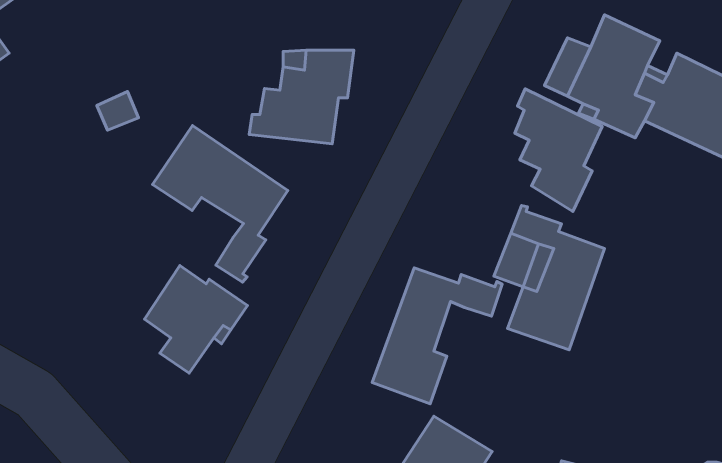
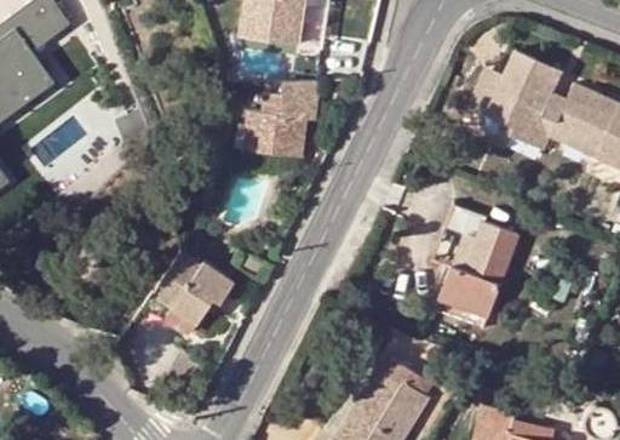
building: [515,89,602,211] -> none
building: [152,126,288,282] -> none
building: [372,268,502,404] -> none

